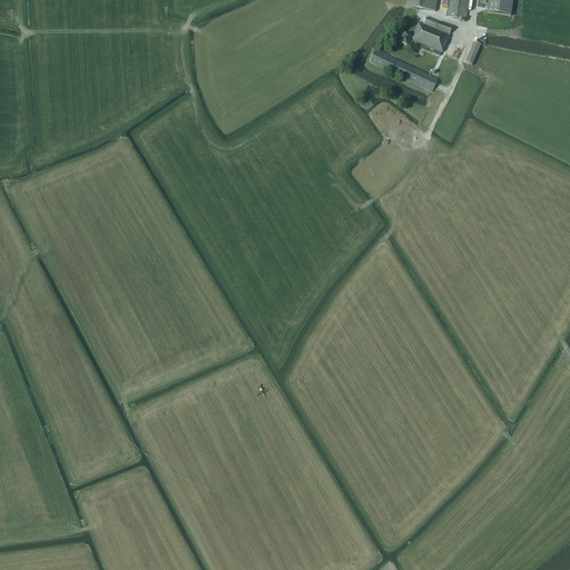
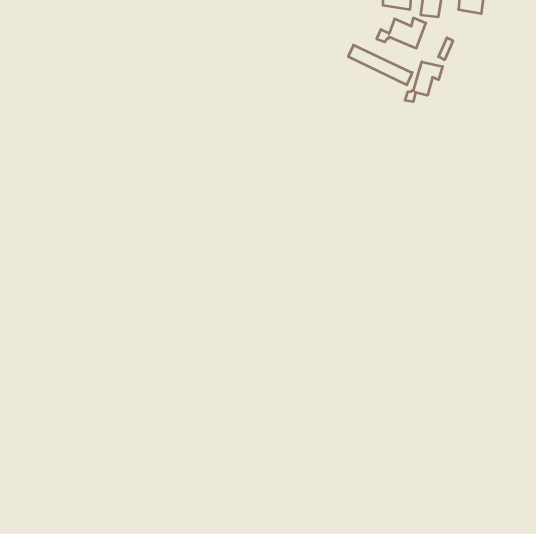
building: none -> [405,62,443,102]

